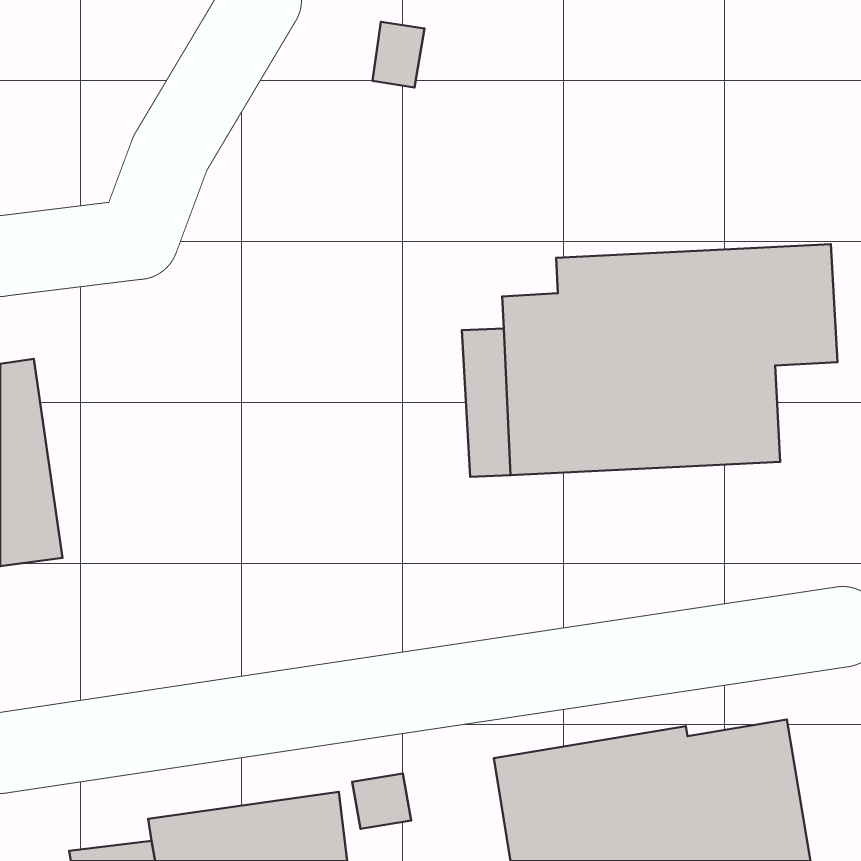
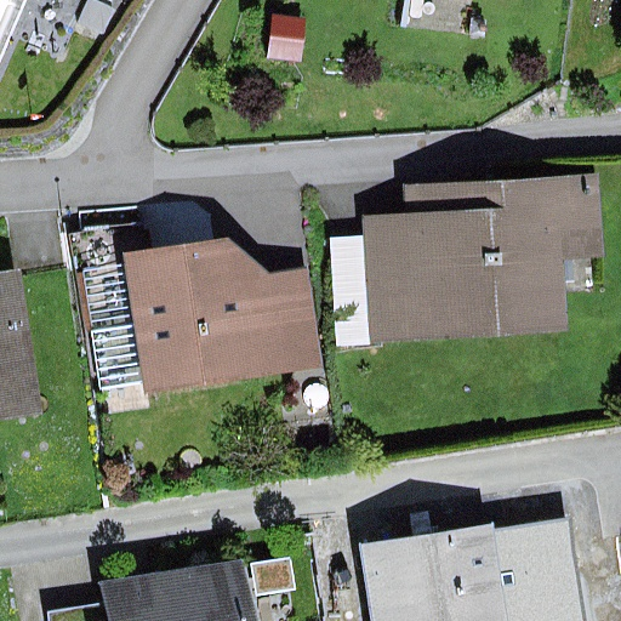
building: none -> [93,240,319,395]

